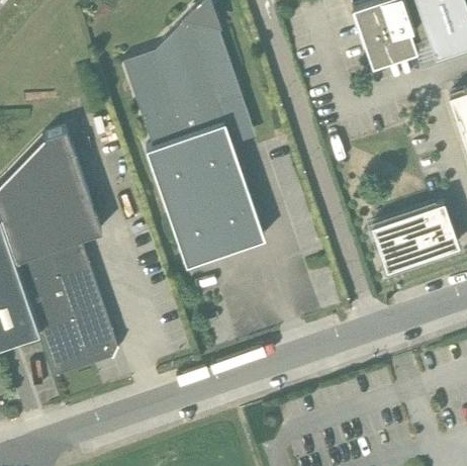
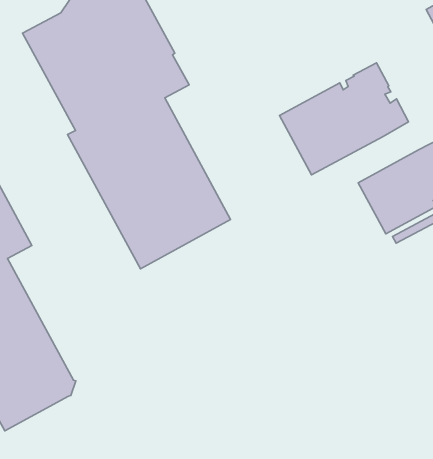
building: none -> [280,63,409,175]

